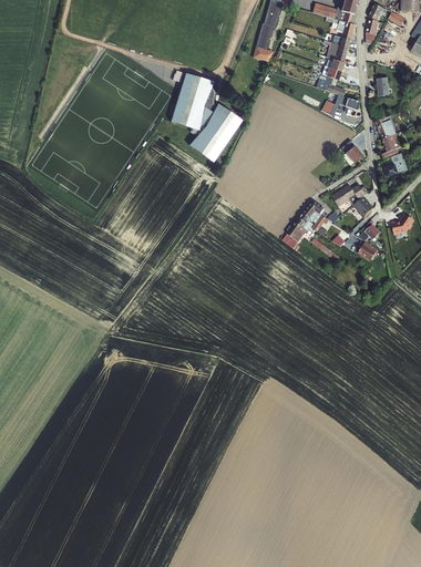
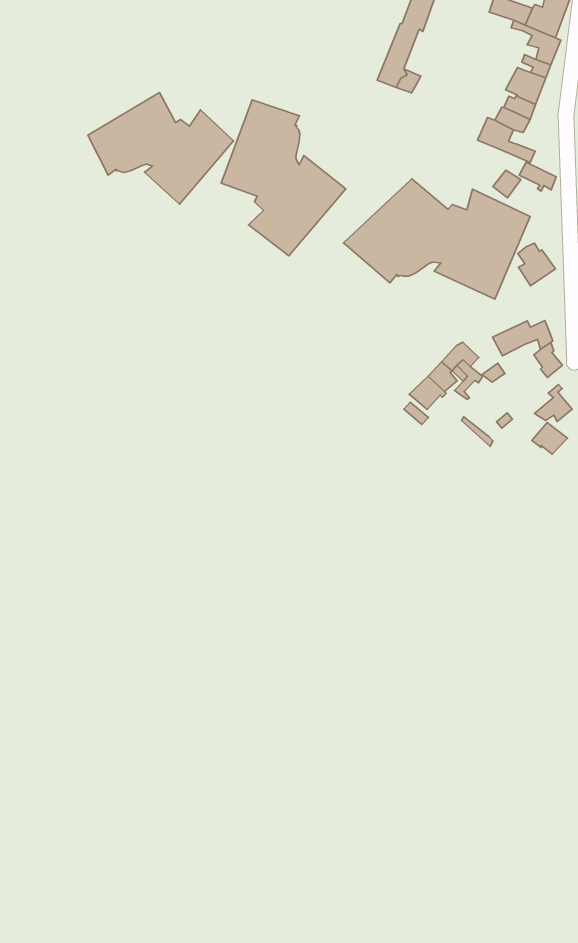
building: none -> [88,92,233,204]
building: none -> [344,179,530,299]

